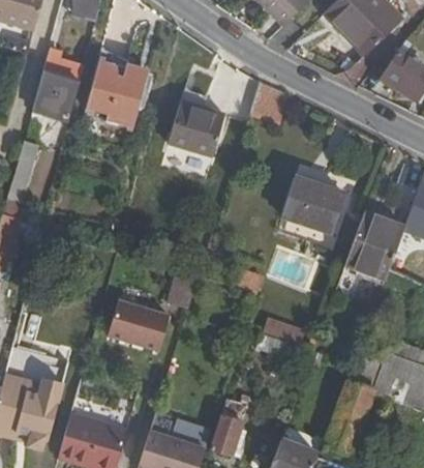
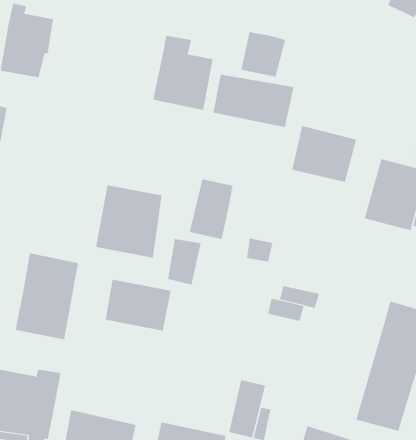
building: [89,57,153,130] -> none
building: none -> [213,74,294,128]
building: none -> [95,185,162,259]
building: none -> [189,179,233,240]
building: none -> [16,253,79,340]

